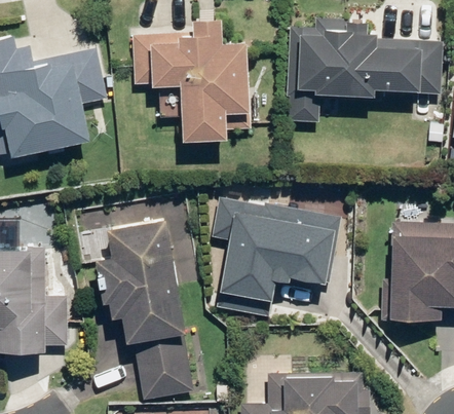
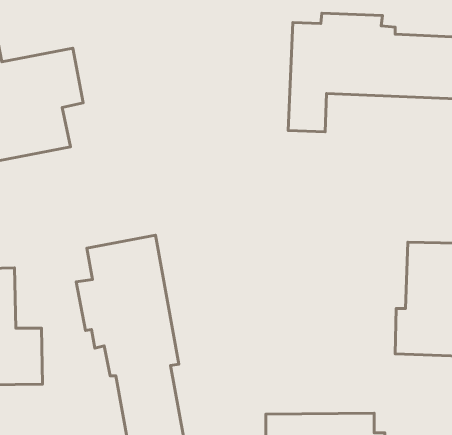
building: [129,14,253,140] -> none
building: [210,200,339,300] -> none

